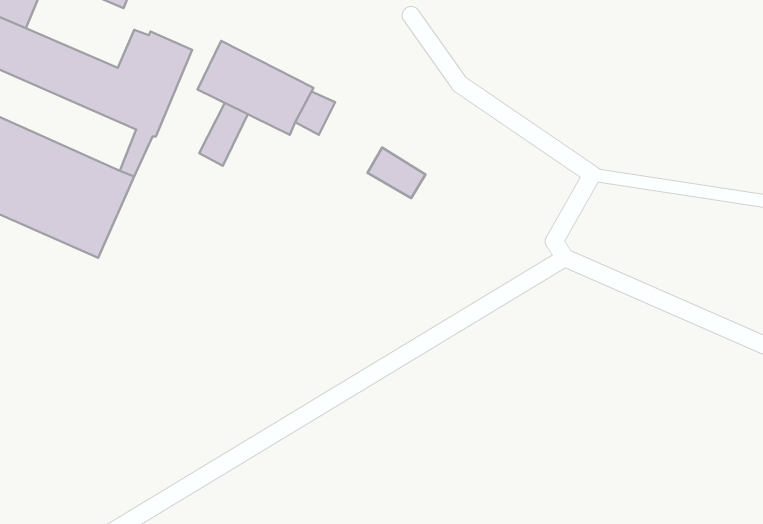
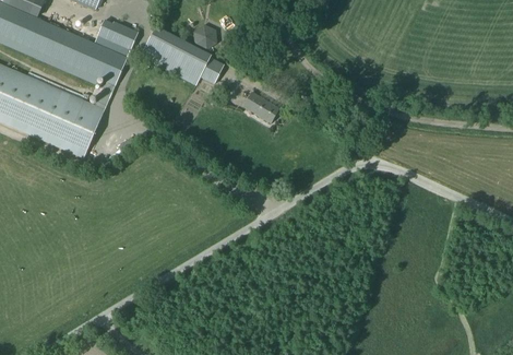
building: none -> [193,23,216,49]
building: [199,103,248,166] -> none

